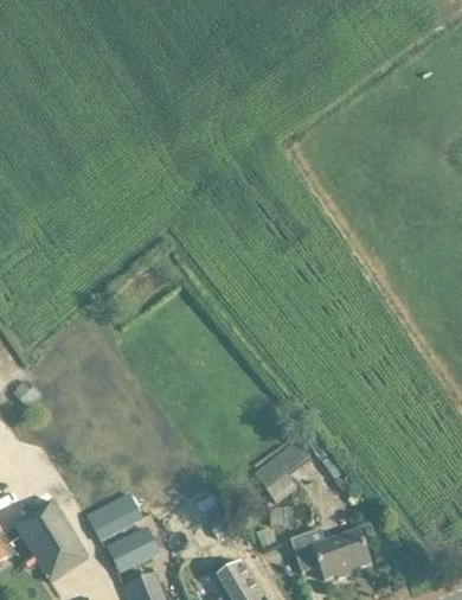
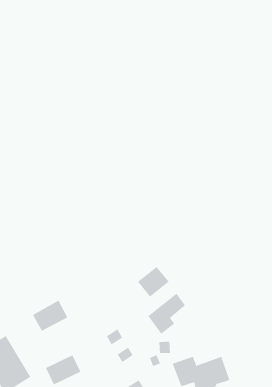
building: none -> [137,266,169,298]
building: [90,493,141,538] -> [32,300,68,332]

